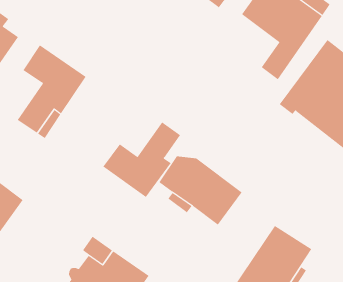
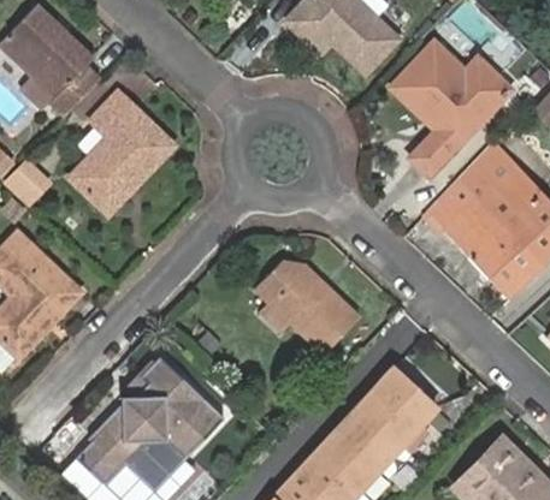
building: [102,121,181,198] -> none

